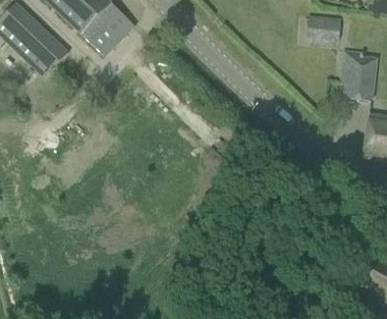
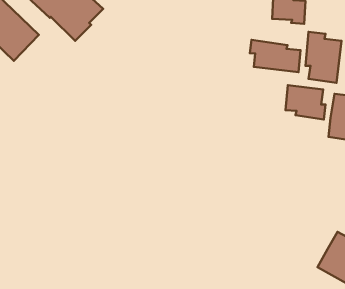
building: none -> [250,40,300,72]
building: none -> [286,85,326,119]

